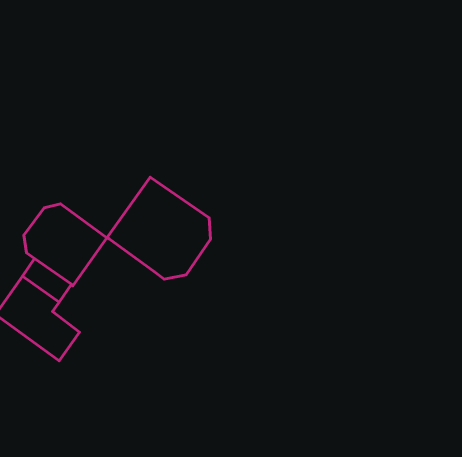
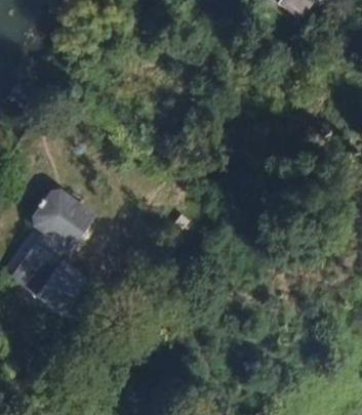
building: [107,177,211,279] -> none

